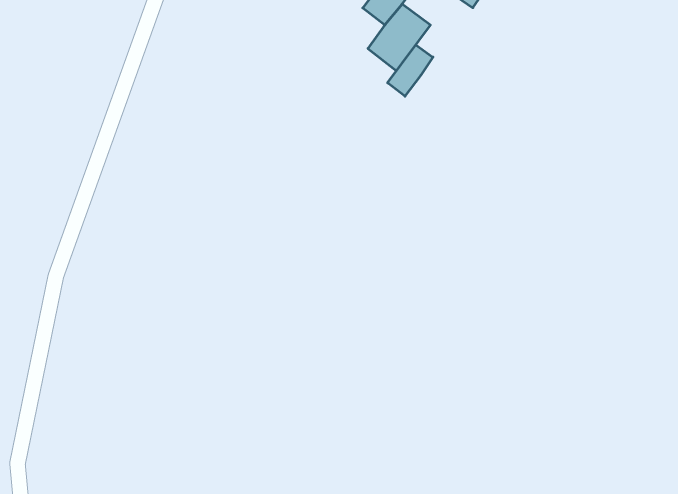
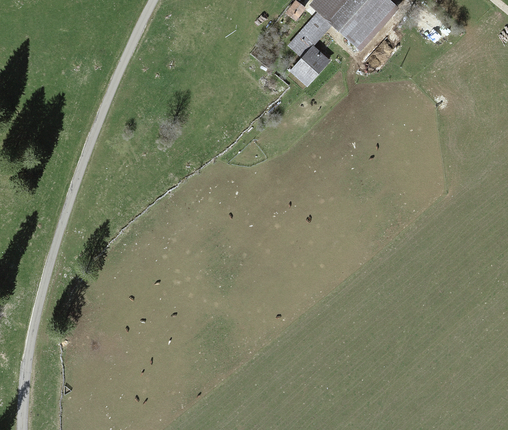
building: [388,45,433,96] -> none

